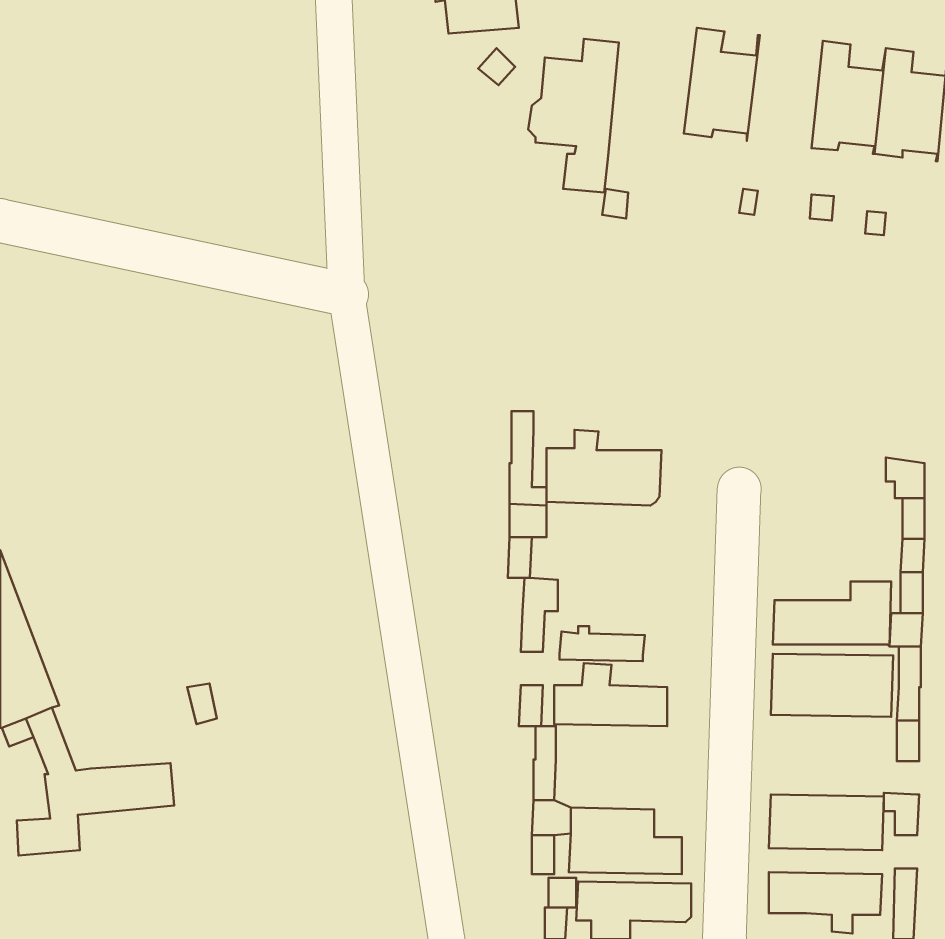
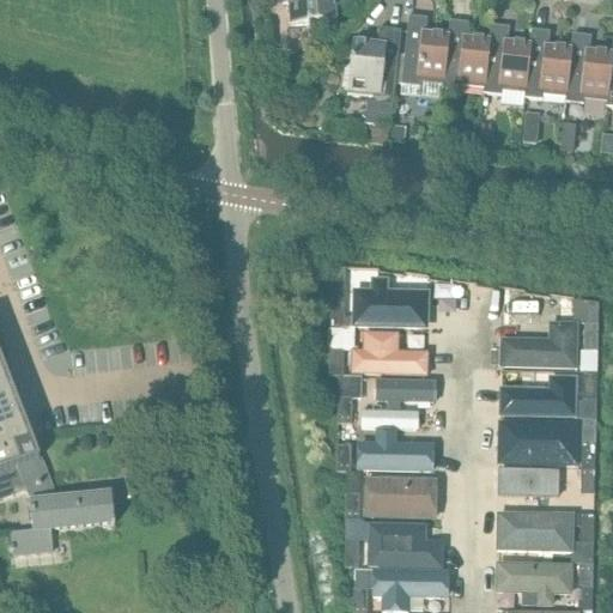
building: none -> [402,13,451,86]
building: none -> [484,23,533,96]
building: none -> [502,320,576,366]
building: none -> [352,332,427,374]
building: none -> [377,380,435,407]
building: none -> [498,466,559,494]
building: none -> [365,479,436,516]

